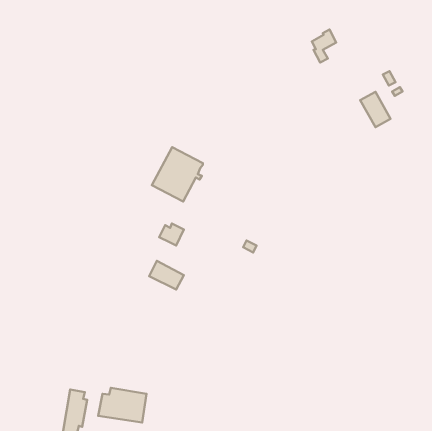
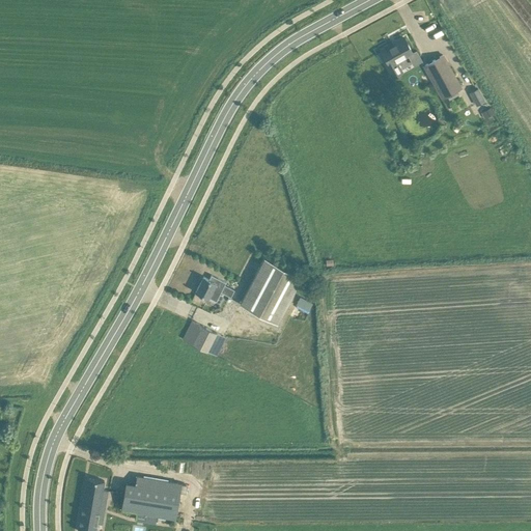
building: [360,92,391,127] -> [423,56,460,100]
building: [152,147,203,201] -> [239,258,301,325]

